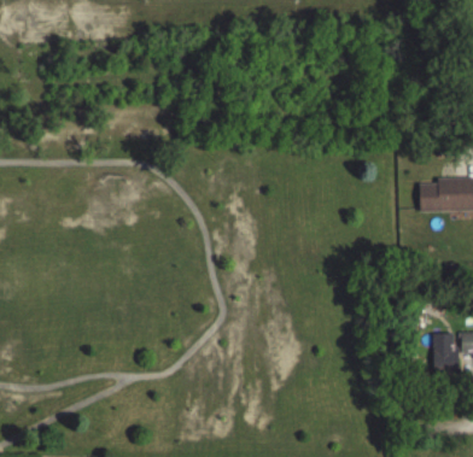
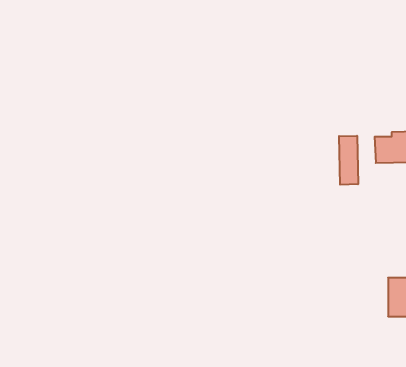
building: none -> [339,136,358,185]

